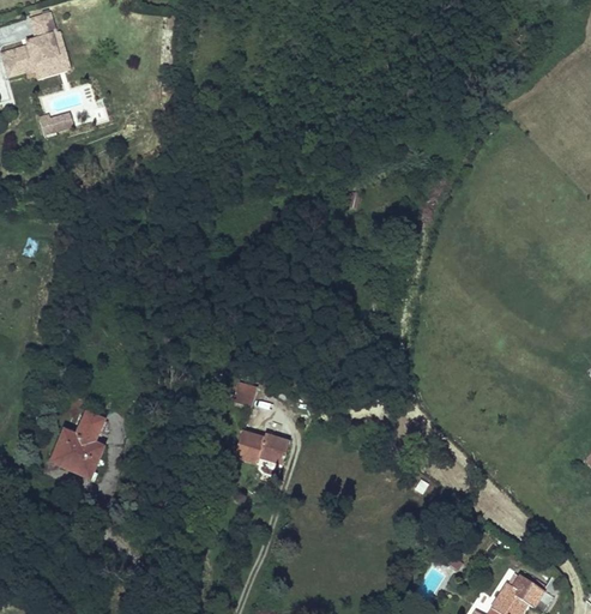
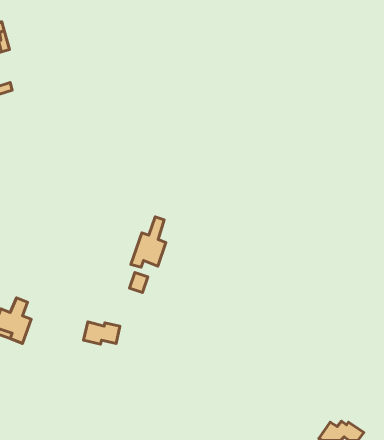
building: none -> [131,217,166,267]
building: [241,429,291,460] -> [83,322,120,344]

